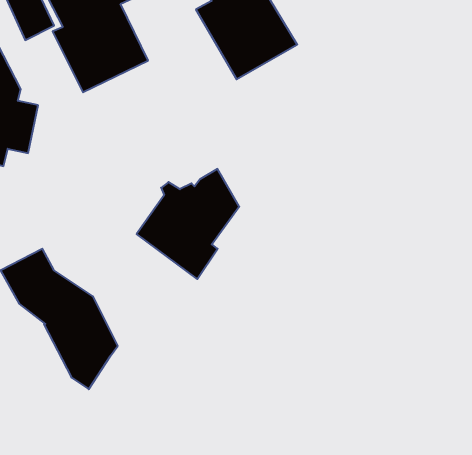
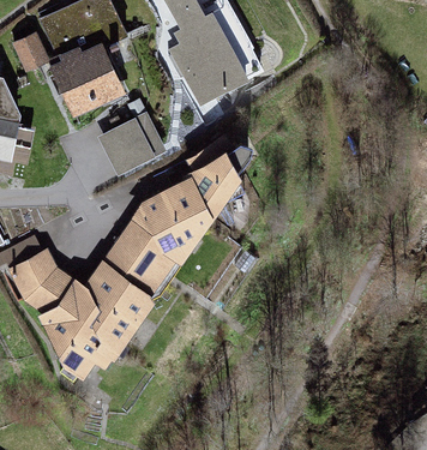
building: none -> [98,114,166,176]
building: none -> [182,130,245,212]
building: none -> [82,235,168,346]

